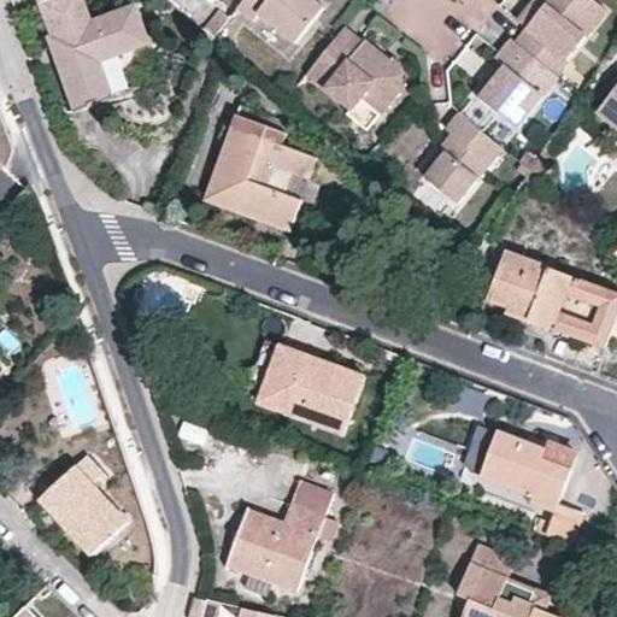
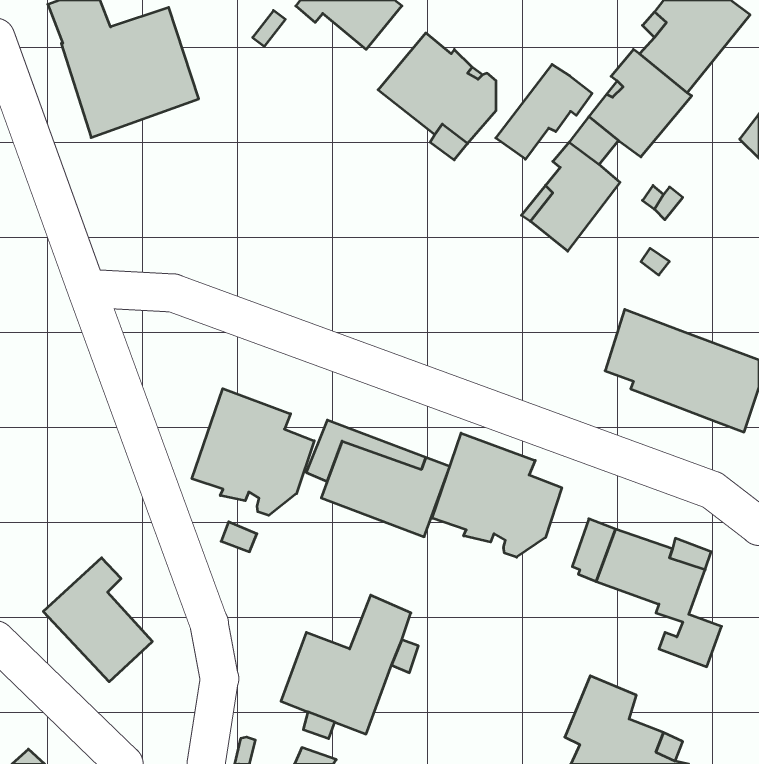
building: none -> [496,64,592,159]
building: [205,114,315,231] -> none
building: none -> [192,389,314,515]
building: none -> [432,433,562,557]

